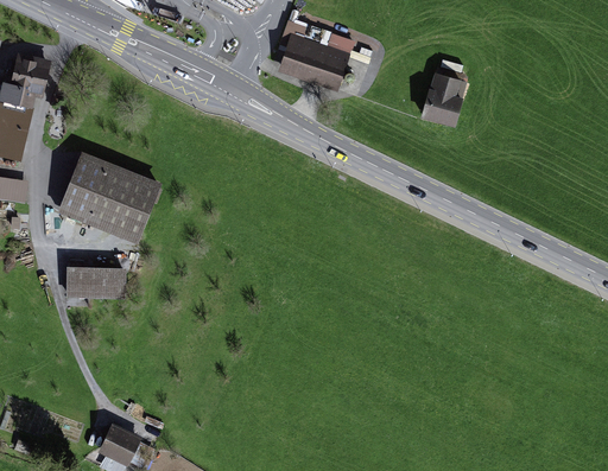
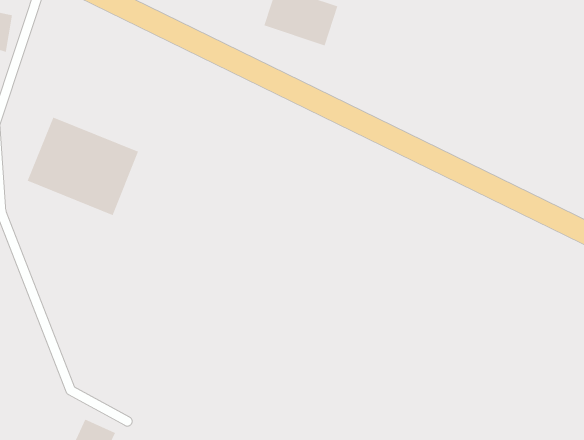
building: [420,71,463,123] -> none
building: [69,263,128,294] -> none

